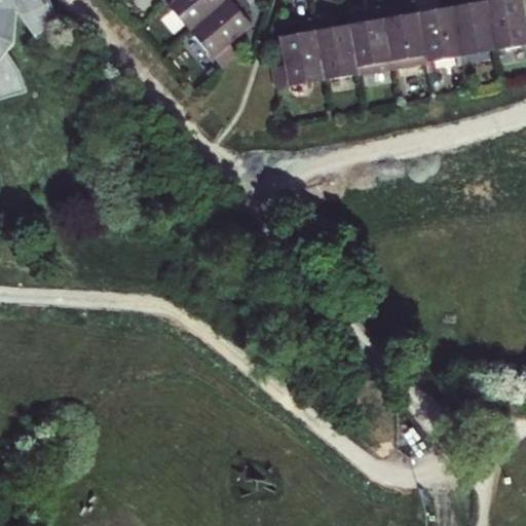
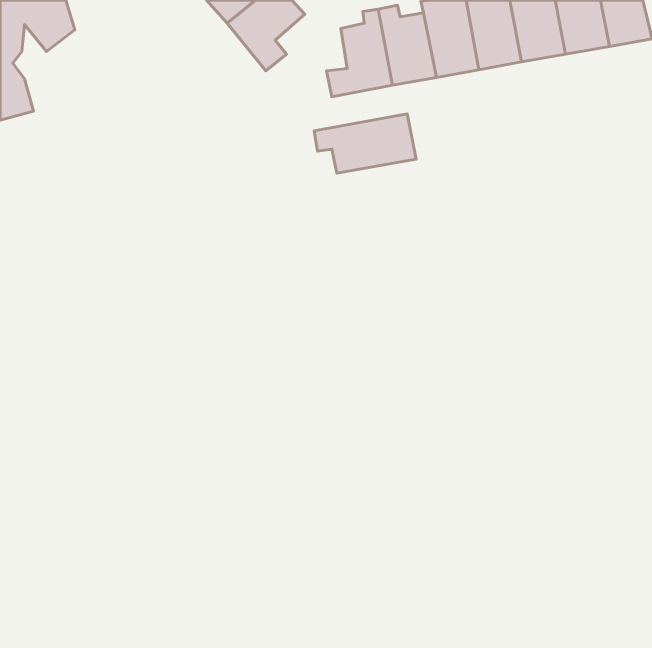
building: none -> [314,114,416,173]

